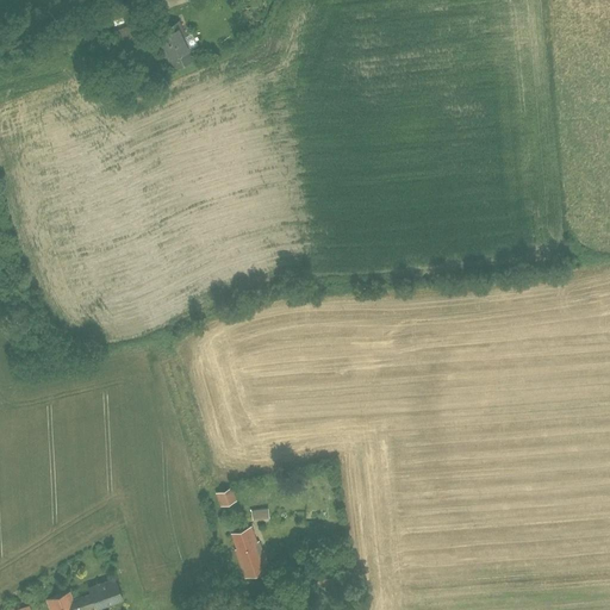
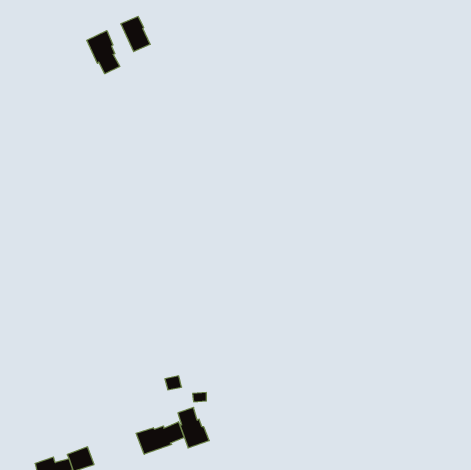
building: none -> [87,31,120,74]
building: none -> [136,422,184,454]

